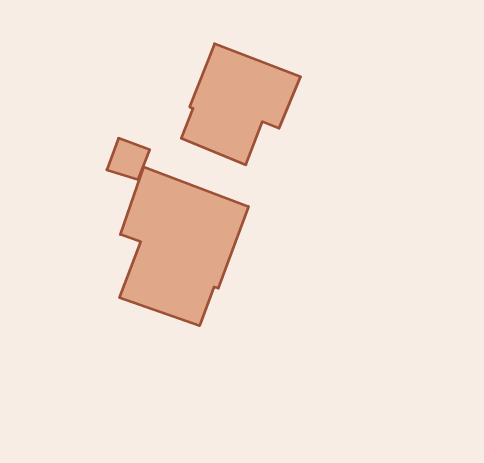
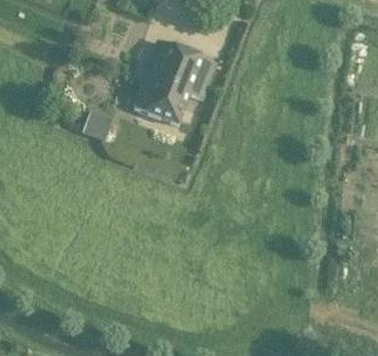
building: [120,167,248,326] -> none

